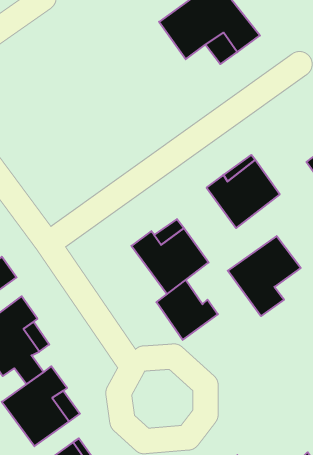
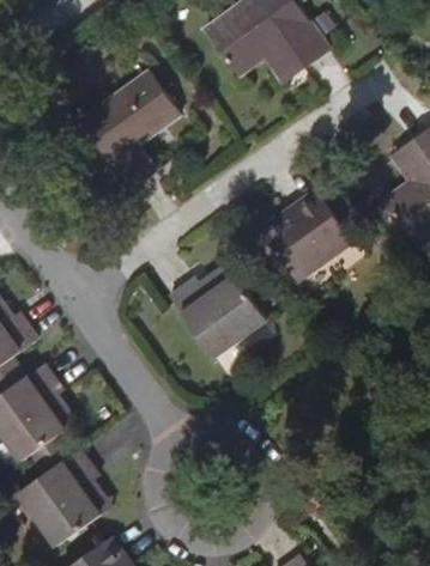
building: none -> [80,72,180,188]
building: [228,236,301,316] -> none
building: [156,280,218,340] -> none

